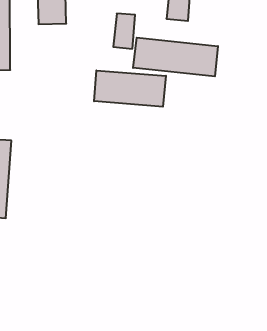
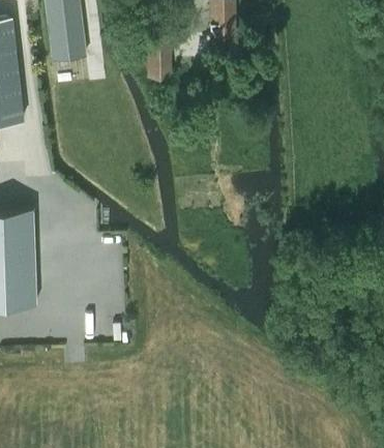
building: [133,38,218,76] -> none
building: [94,70,166,107] -> none

